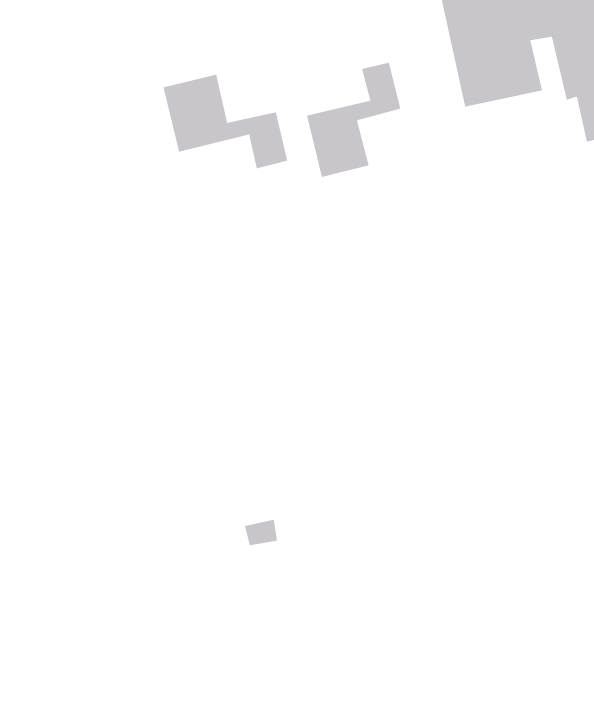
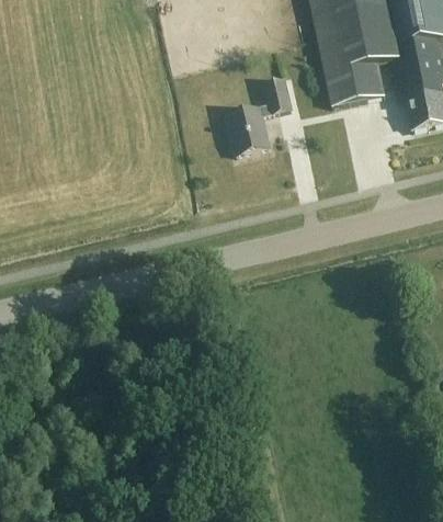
building: [163,74,288,169] -> none

